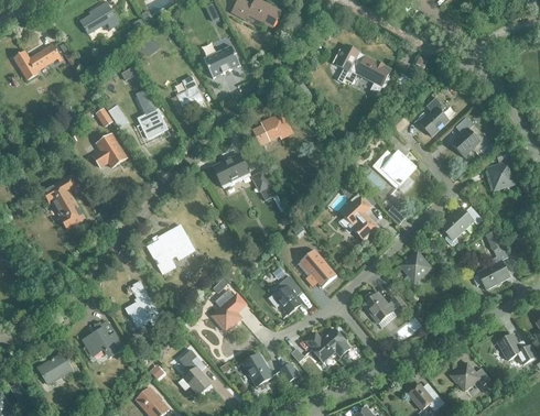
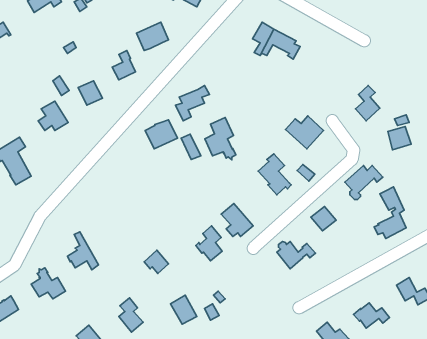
building: [419,96,449,135] -> none
building: none -> [205,118,236,160]
building: [148,225,195,273] -> none
building: [305,328,349,361] -> none

